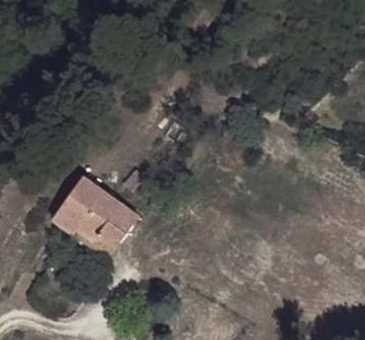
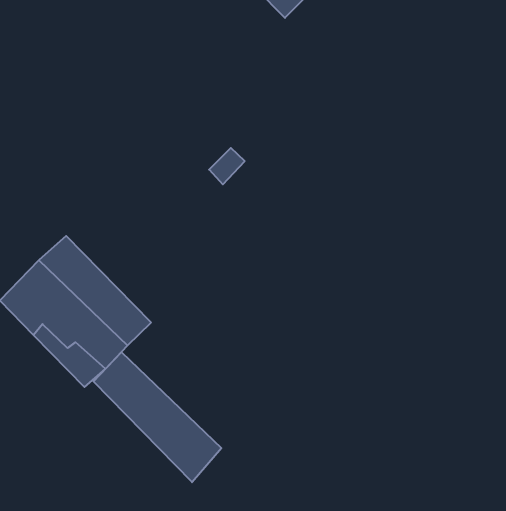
building: none -> [94,352,221,482]

